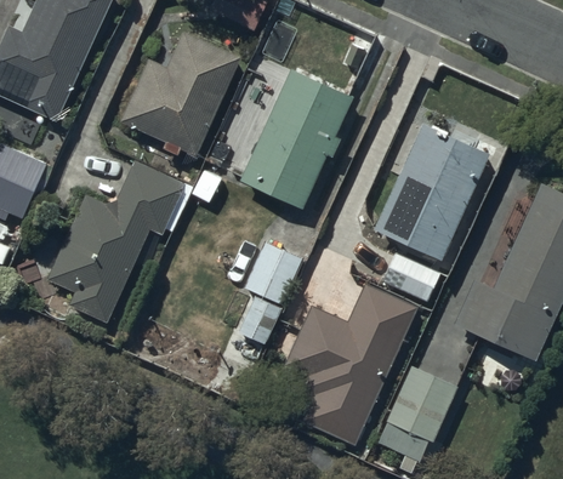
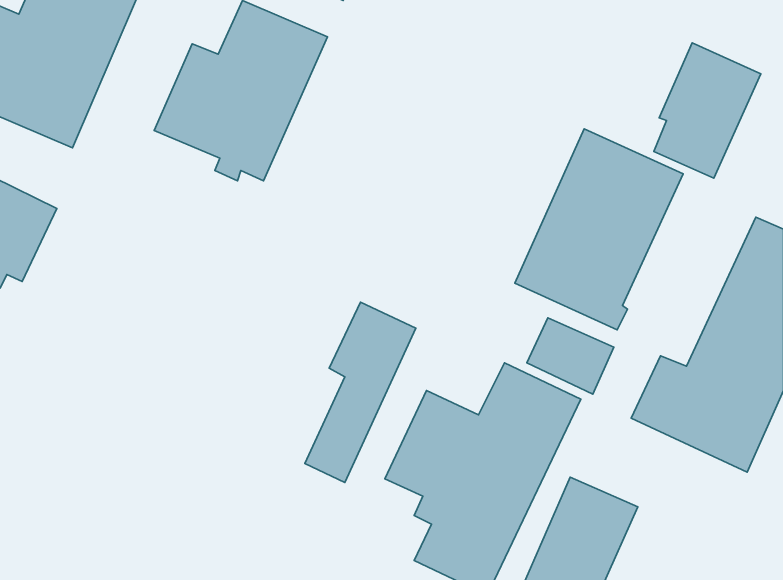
building: none -> [654,43,761,178]
building: [240,65,353,206] -> none
building: [49,162,193,323] -> none

